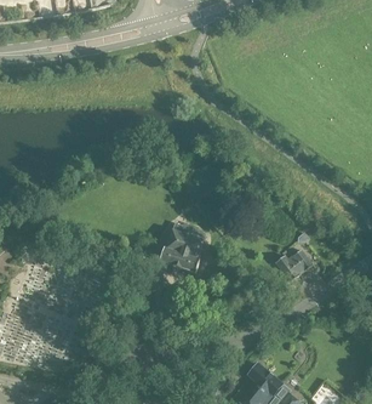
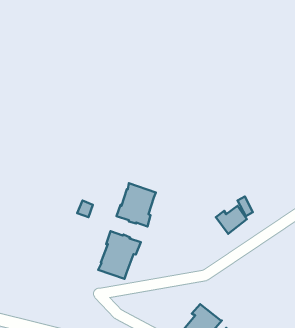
building: none -> [98,231,141,279]

